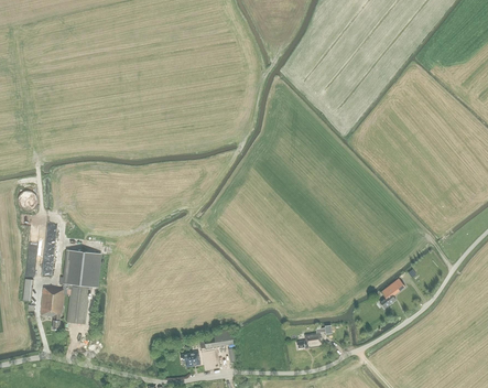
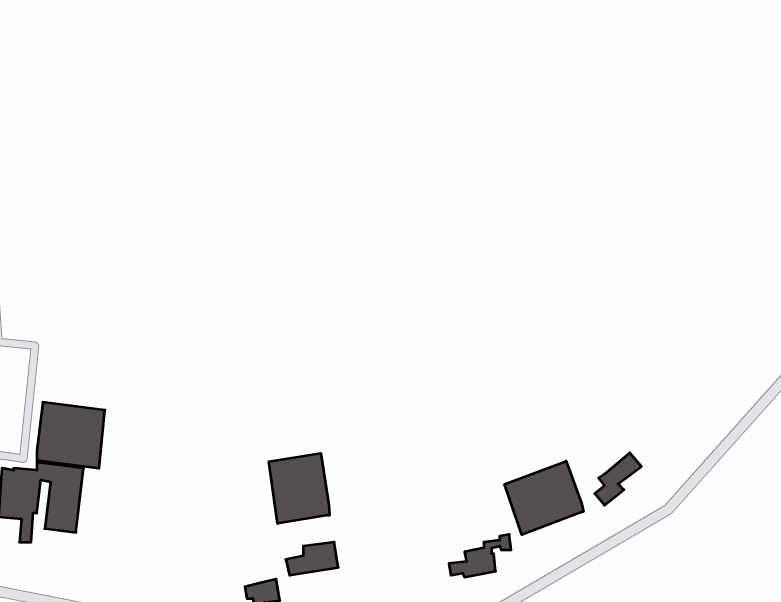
building: none -> [269,453,329,524]
building: none -> [505,461,583,535]

